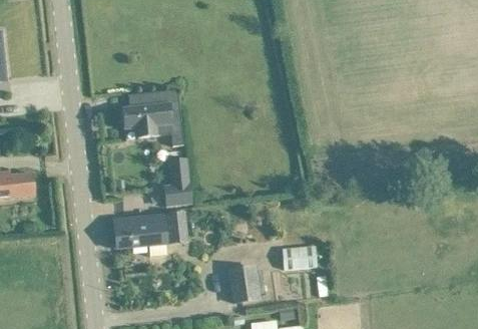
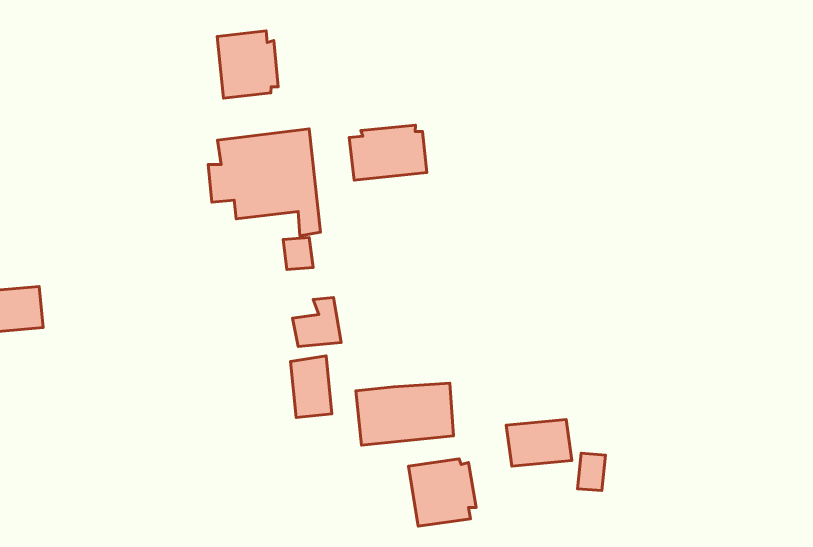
building: none -> [217,31,278,98]
building: none -> [349,125,427,180]
building: [112,216,164,249] -> [356,383,453,445]

